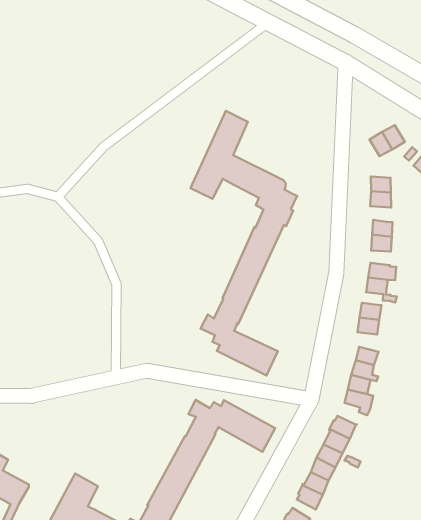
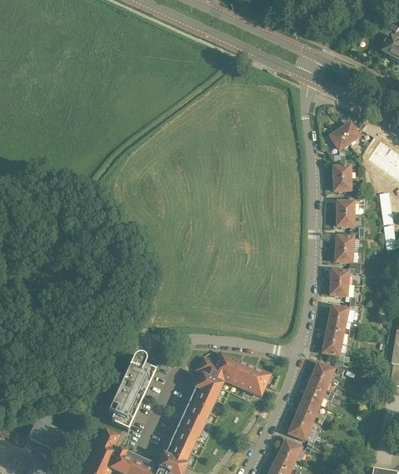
building: [190,111,297,375] -> none
building: none -> [104,353,150,428]

